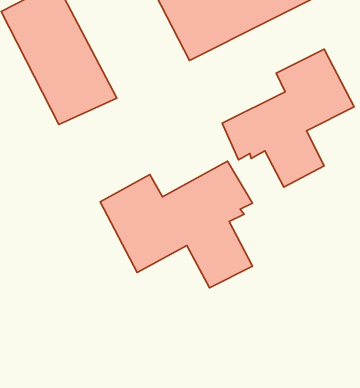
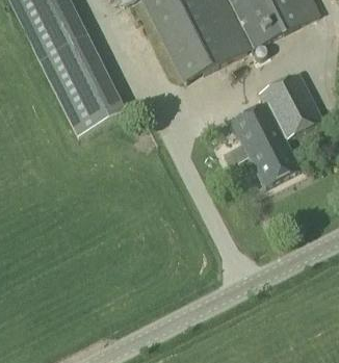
building: [100,161,253,288] -> none

